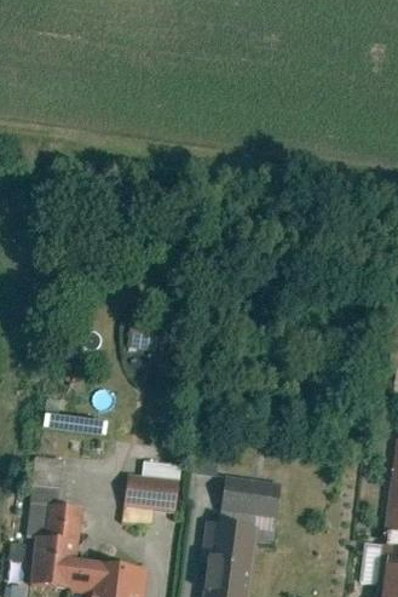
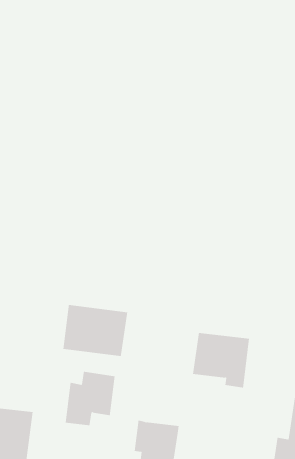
building: none -> [63,304,128,357]
building: [214,472,283,539] -> [192,333,250,388]

